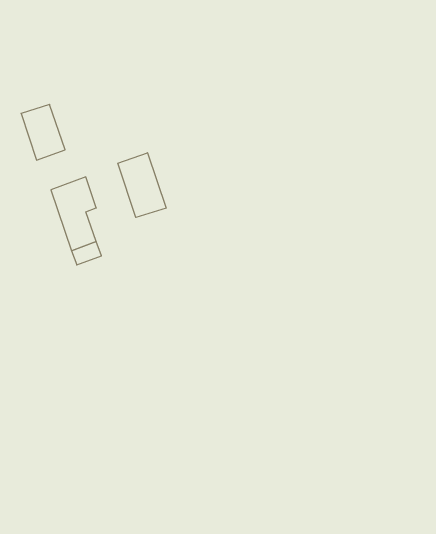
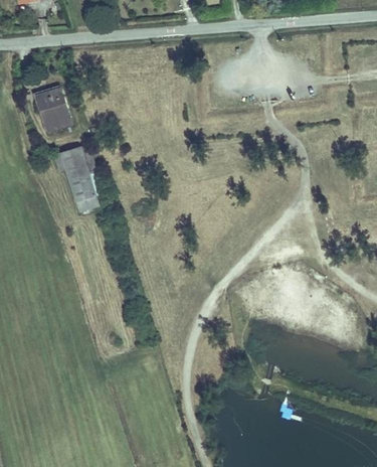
building: [118,153,166,217] -> none

